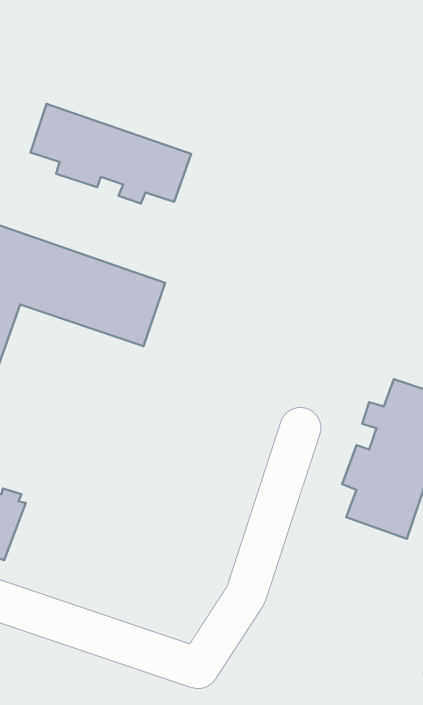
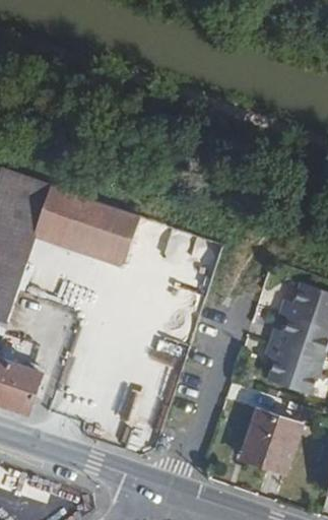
building: [31,104,191,204] -> none
building: none -> [239,411,299,474]

